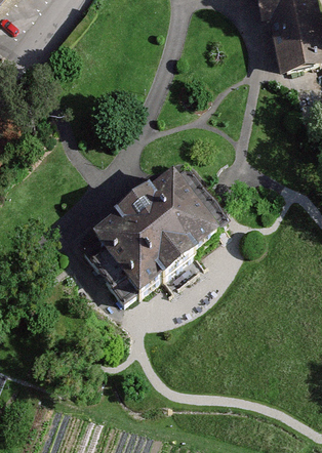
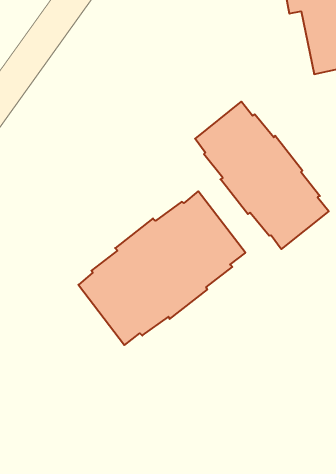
building: none -> [195,102,329,249]

